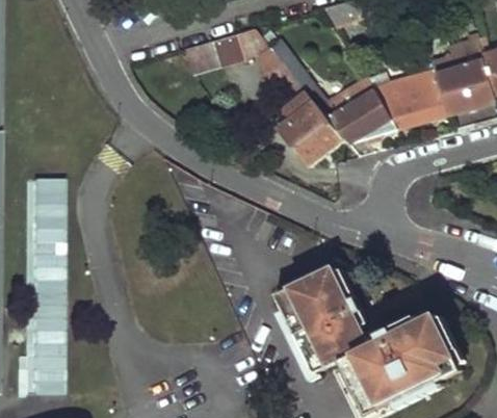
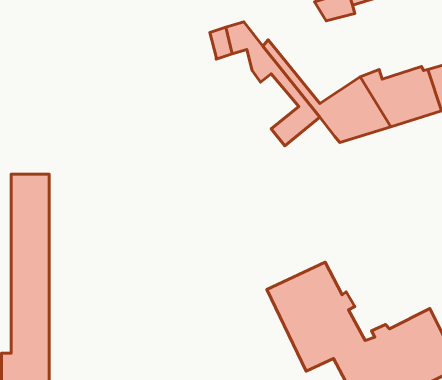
building: [183,37,227,73] -> none
building: [294,121,343,165] -> none

